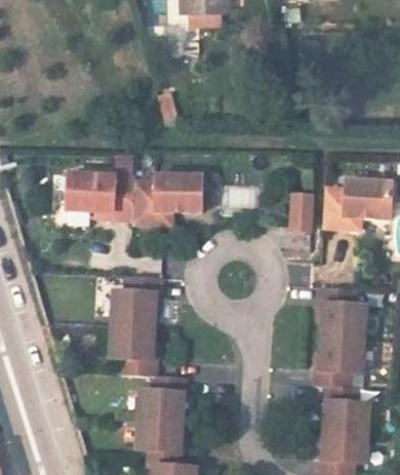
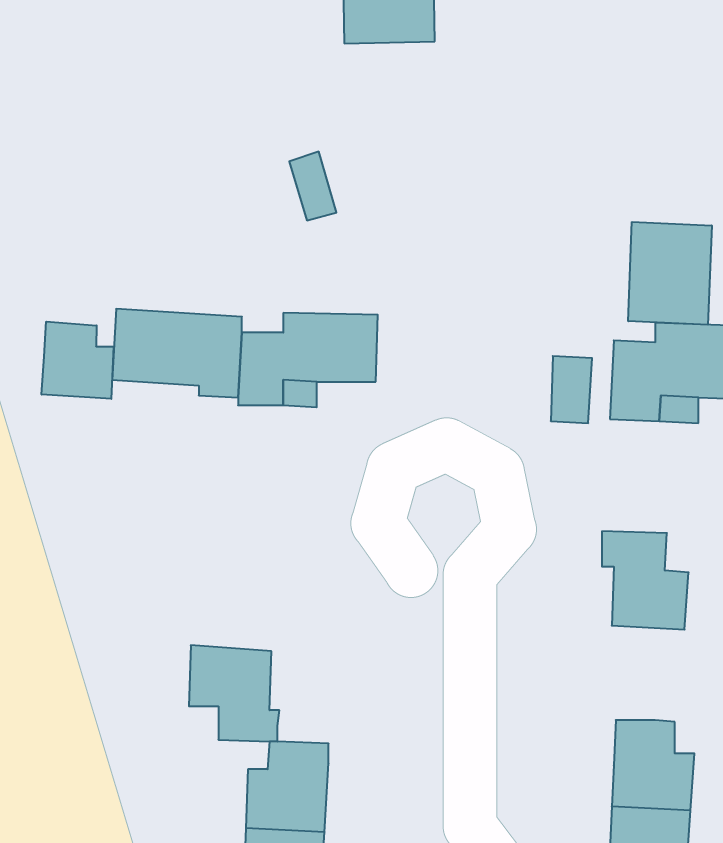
building: none -> [628,222,712,325]
building: none -> [42,322,114,399]
building: [105,295,155,347] -> none
building: [314,333,362,383] -> none

